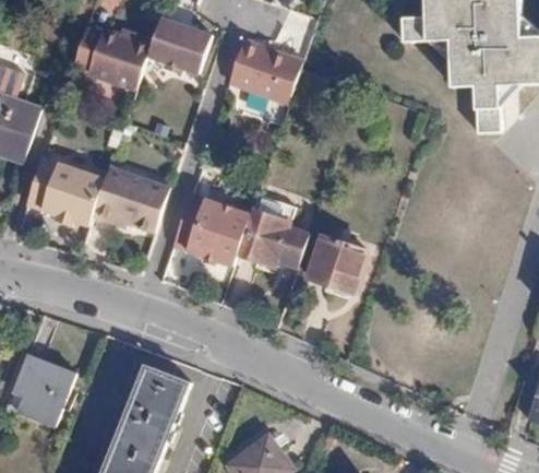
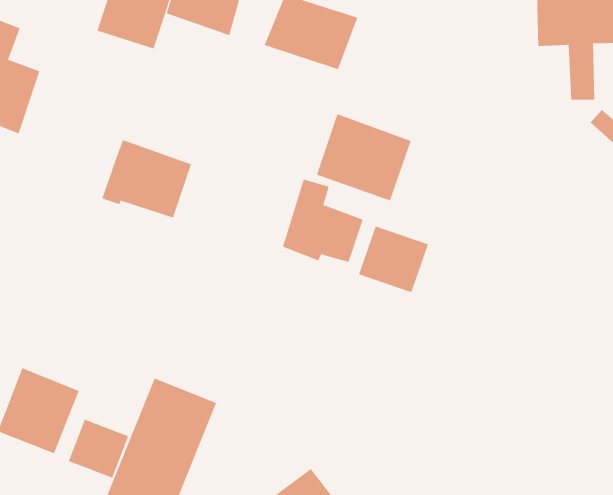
building: [26,158,105,226] -> none
building: [170,194,250,268] -> [316,113,412,201]
building: none -> [68,419,129,478]

